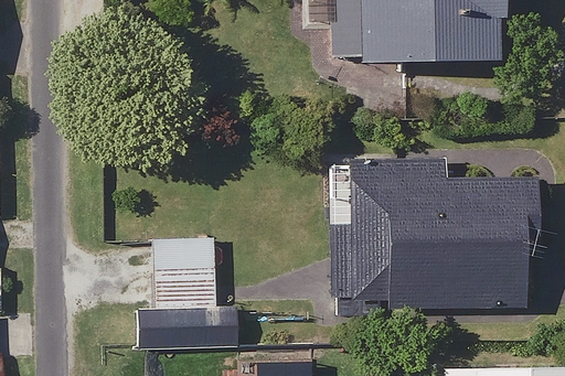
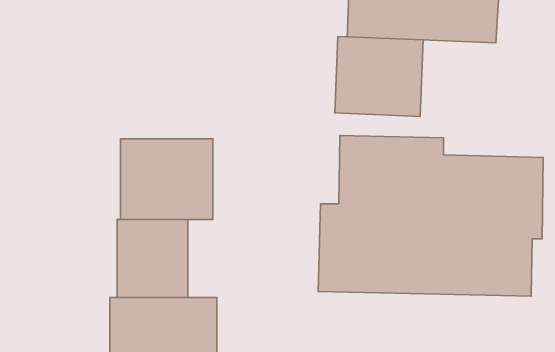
building: none -> [335,36,423,116]
building: none -> [121,139,213,220]

